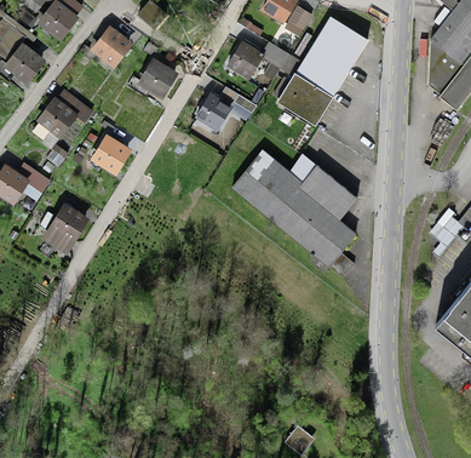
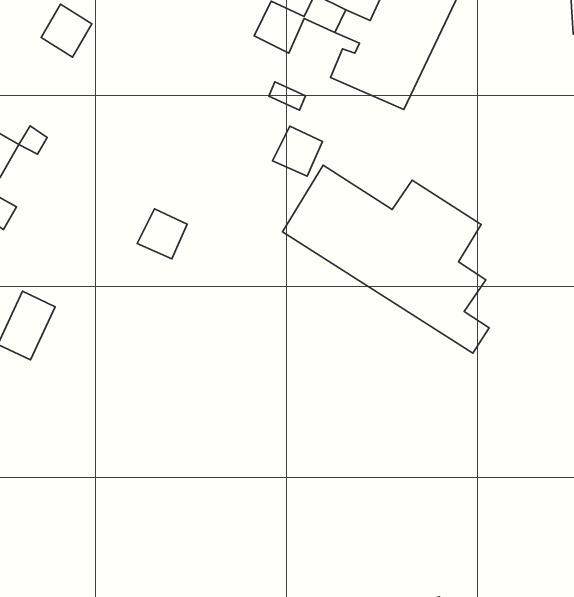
building: [128,62,174,95] -> none
building: [197,95,230,127] -> [273,126,323,176]
building: [94,137,127,170] -> [137,209,187,259]

